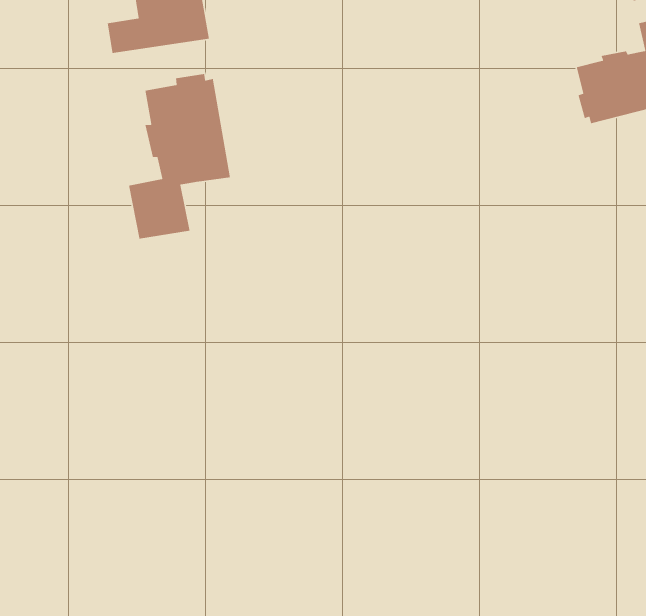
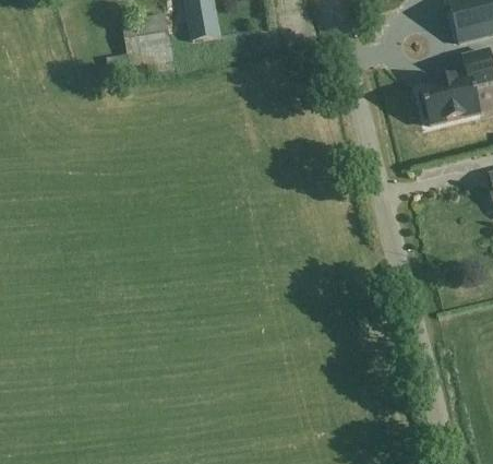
building: [128,73,231,240] -> none

